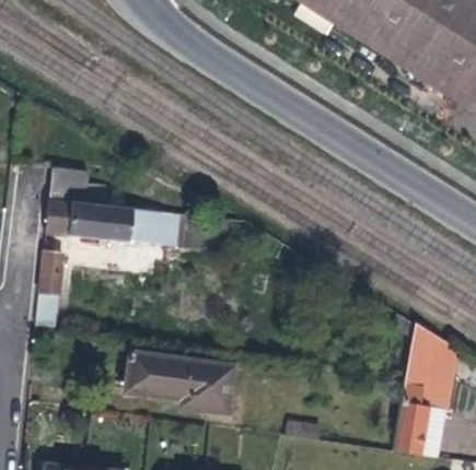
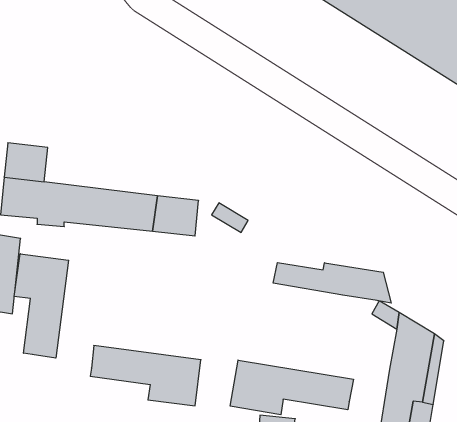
building: none -> [14,254,69,358]
building: none -> [273,263,391,303]
building: none -> [230,360,353,415]

